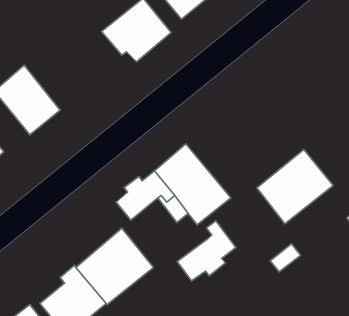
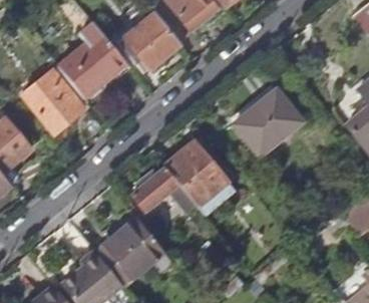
building: none -> [58,23,126,97]
building: [257,150,333,224] -> [234,90,302,157]
building: [177,221,236,281] -> none

